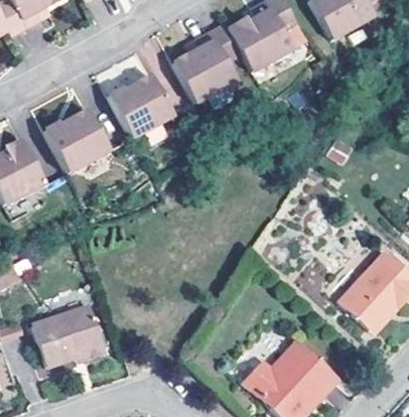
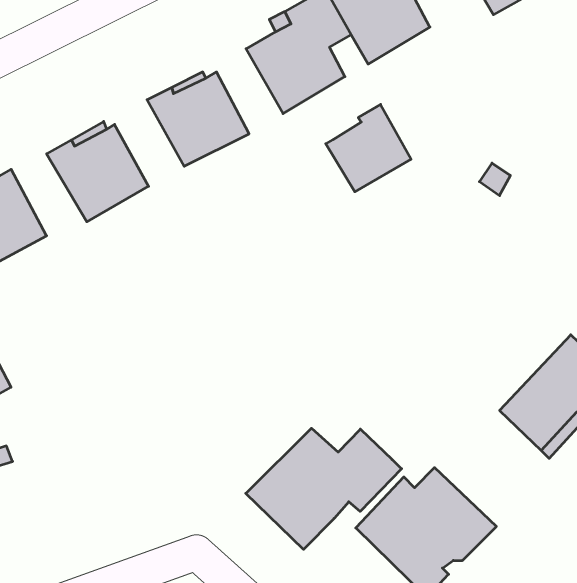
building: none -> [326,104,411,192]
building: [25,306,99,366] -> none
building: none -> [246,428,402,549]

